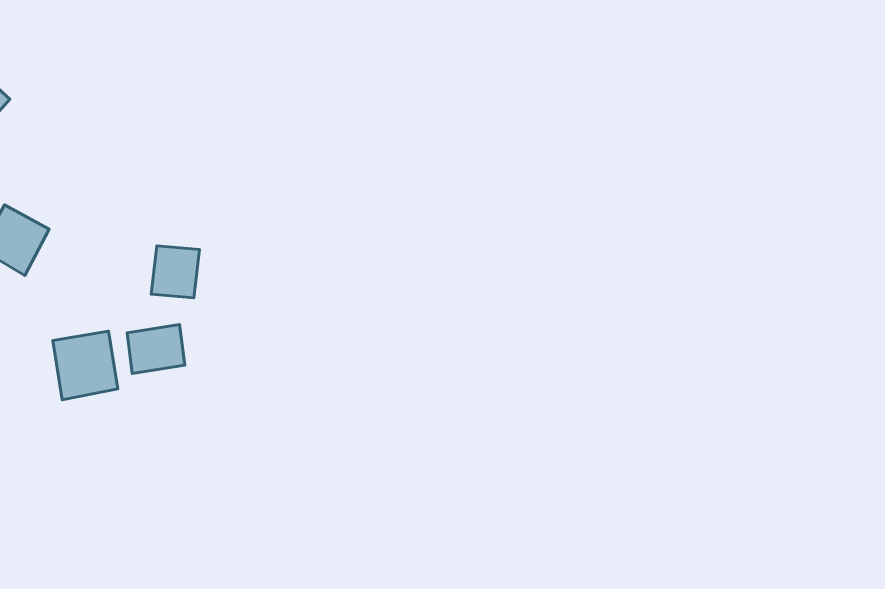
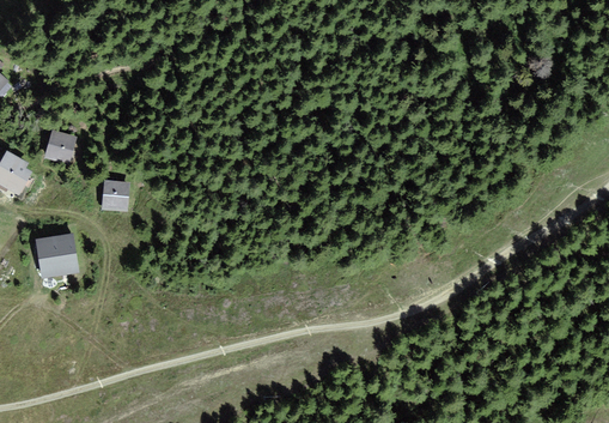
building: none -> [42,129,77,167]
building: [127,324,185,373] -> none

